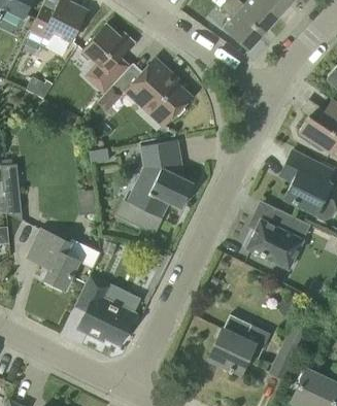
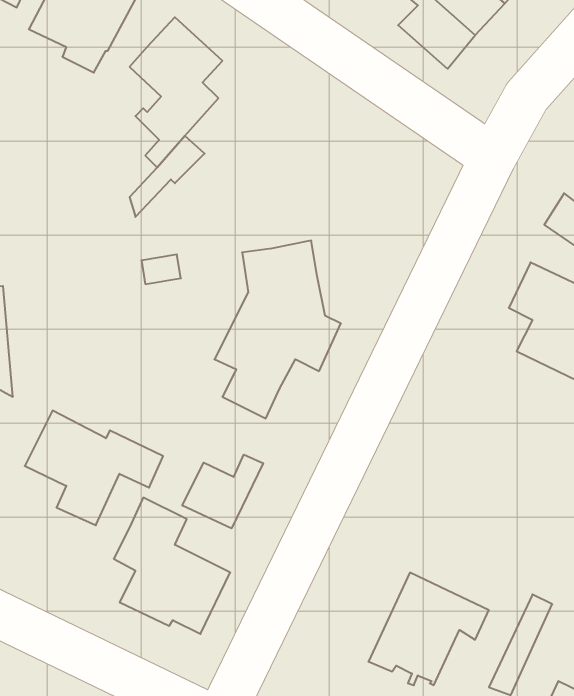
building: [126,59,191,126] -> none
building: [246,208,310,269] -> none
building: none -> [182,455,263,528]

